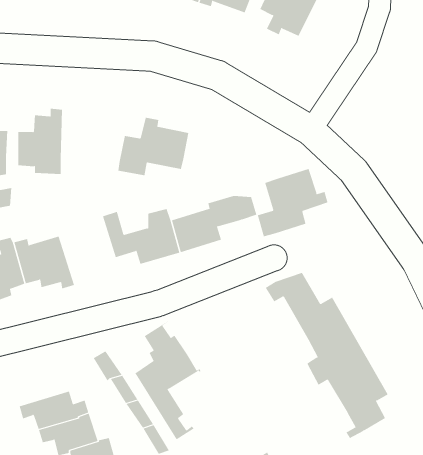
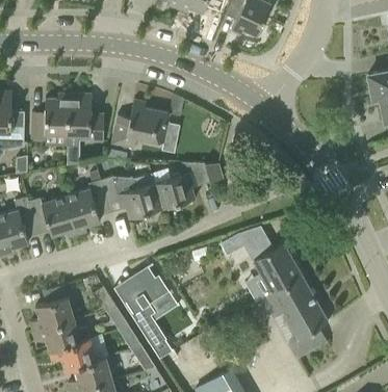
building: none -> [68,95,104,141]
building: [257,168,328,237] -> none
building: none -> [66,180,110,235]
building: none -> [30,297,74,332]

